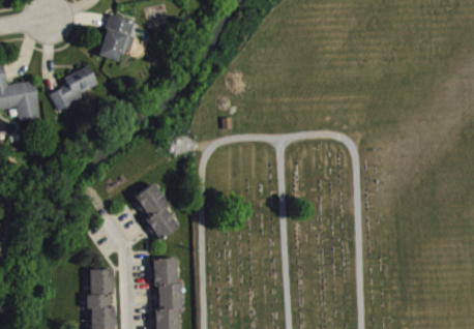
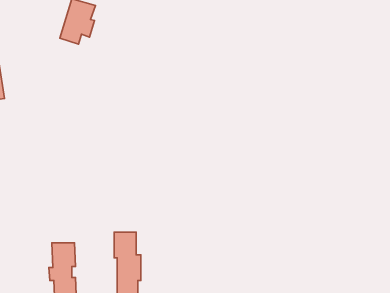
building: [49,66,97,111] -> none
building: [134,183,179,242] -> none

